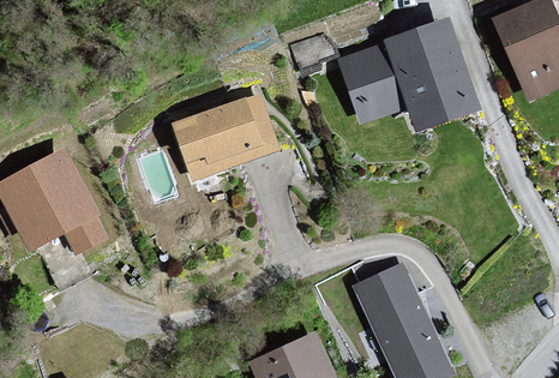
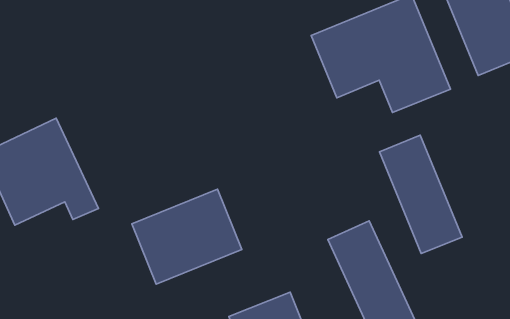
building: [169,91,288,193] -> [132,189,242,284]
building: none -> [379,135,462,254]

